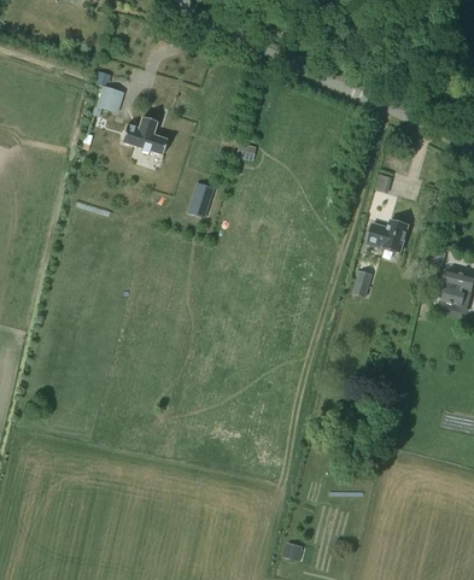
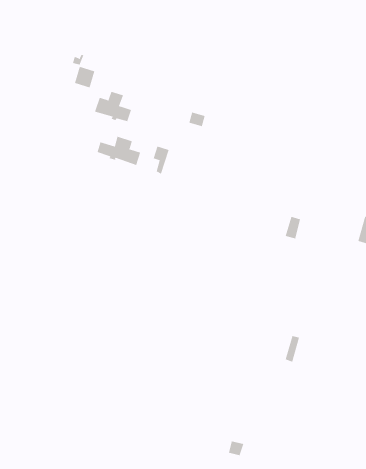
building: none -> [97,136,141,166]
building: [367,218,409,251] -> none

